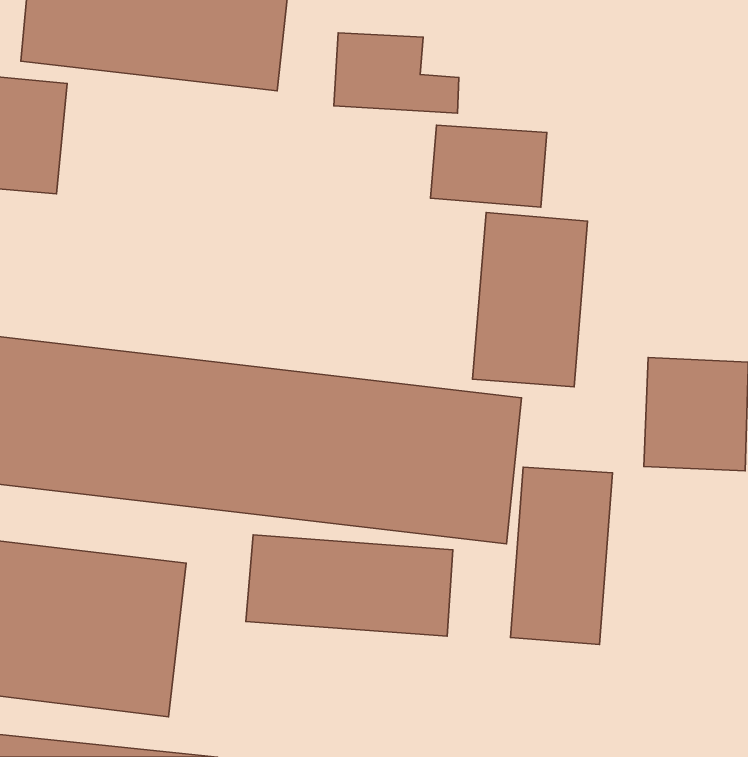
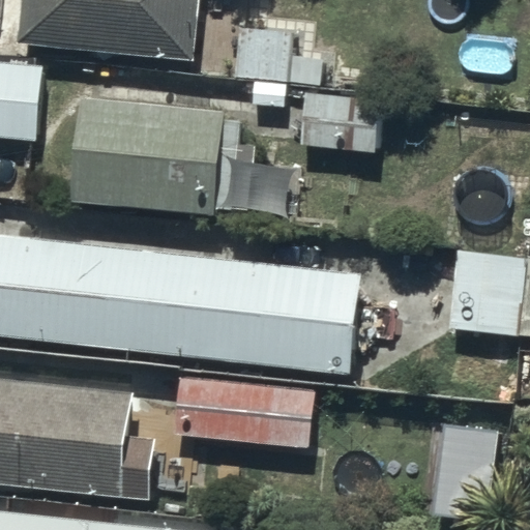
building: none -> [68,97,224,219]
building: [473,212,588,387] -> none
building: [511,467,612,645] -> none

